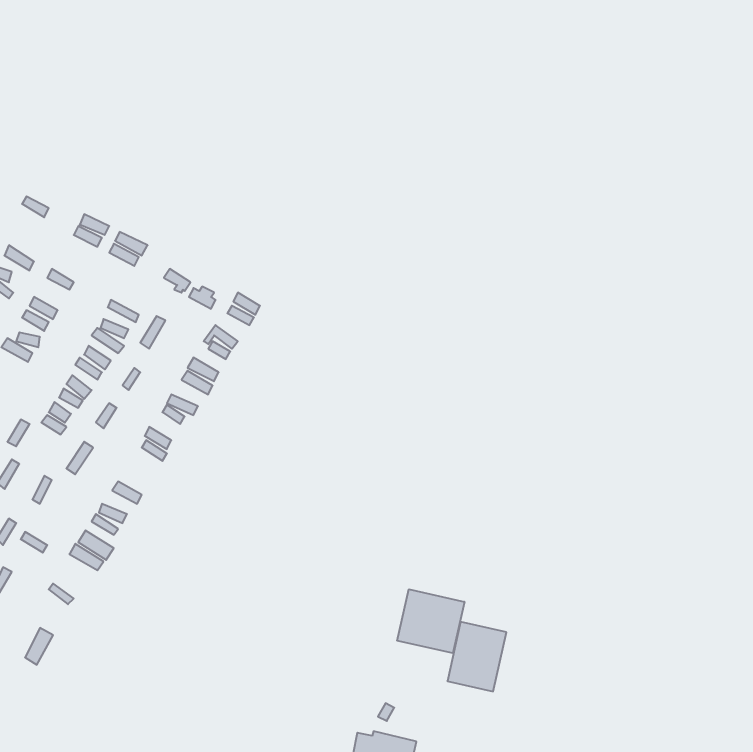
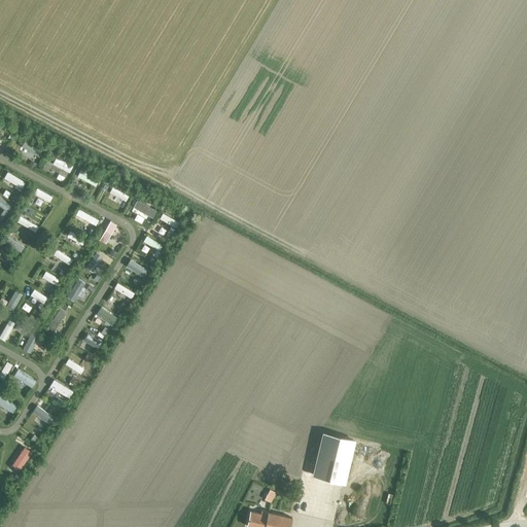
building: [397,589,464,653] -> none

